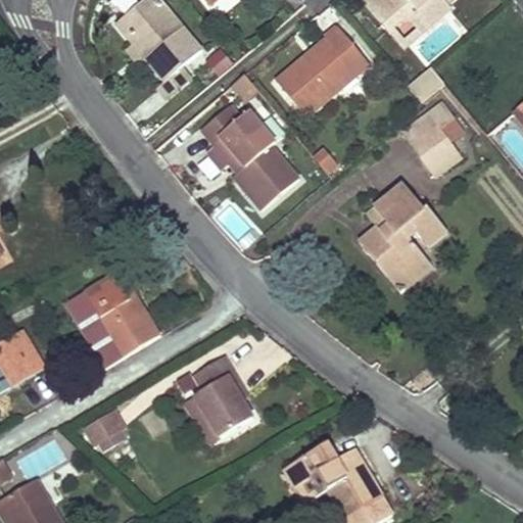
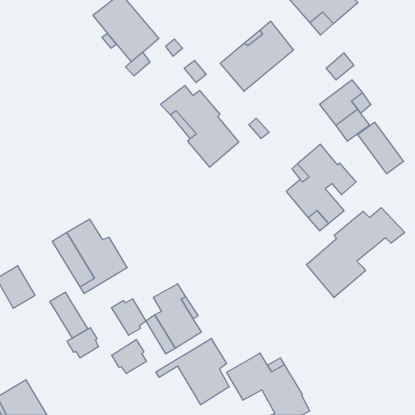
building: none -> [358,122,404,174]
building: none -> [306,208,405,298]
building: none -> [50,292,88,338]
building: none -> [112,299,146,335]
building: none -> [156,338,229,405]
building: none -> [112,339,146,374]

